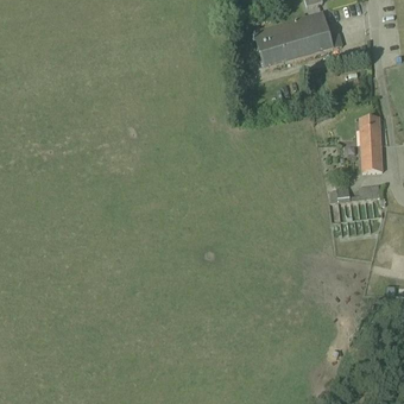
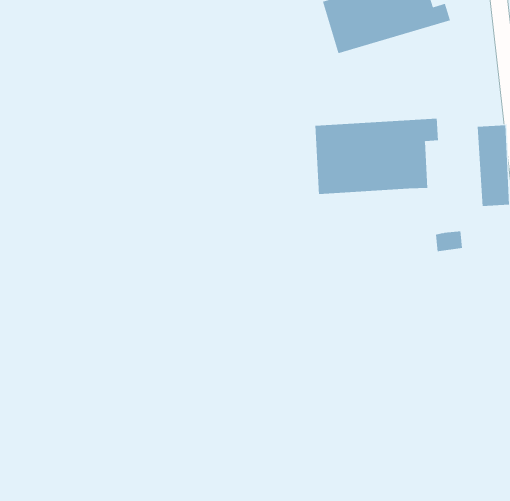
building: none -> [315,118,439,195]

